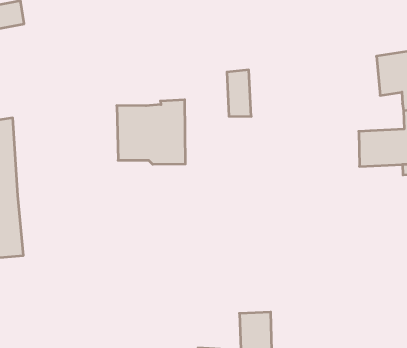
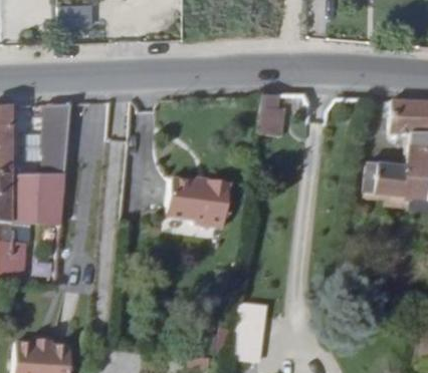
building: [117,100,185,164] -> [164,178,229,238]

